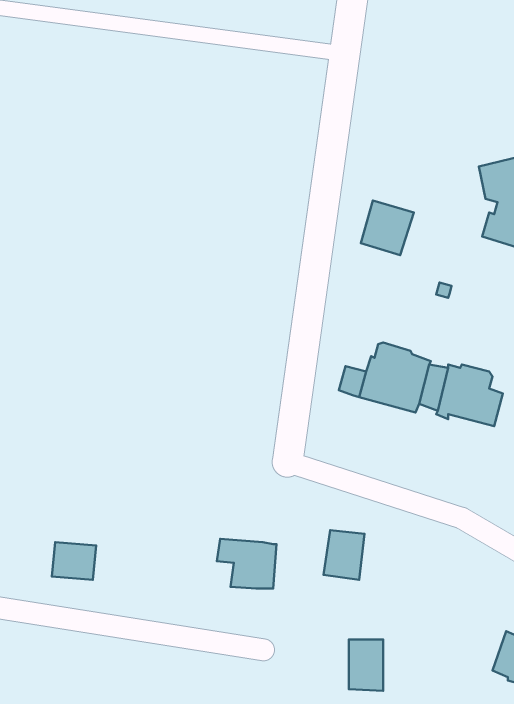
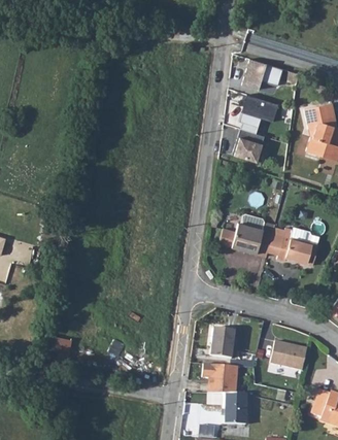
building: none -> [241,59,281,90]
building: none -> [238,95,277,133]
building: [217,539,277,588] -> [201,364,237,394]
building: none -> [269,341,307,371]

